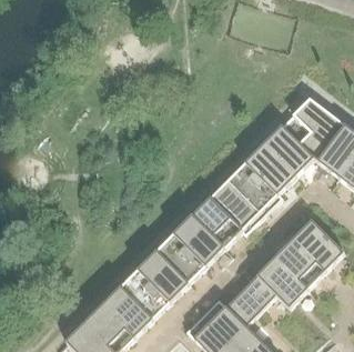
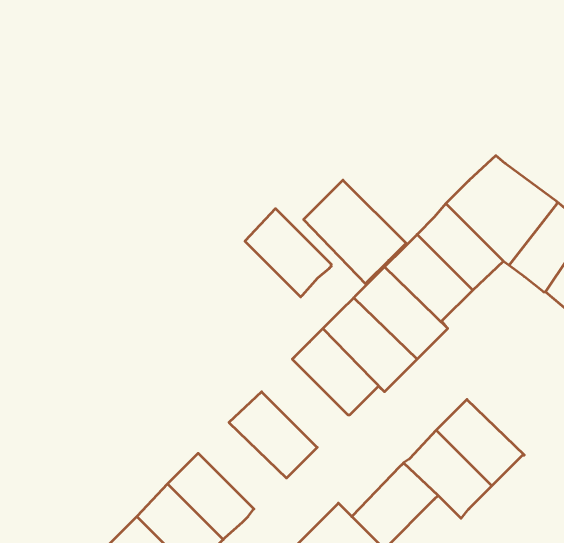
building: none -> [304,180,406,285]
building: [176,215,226,266] -> [245,209,331,297]
building: [295,220,346,271] -> none
building: [140,252,191,302] -> none

